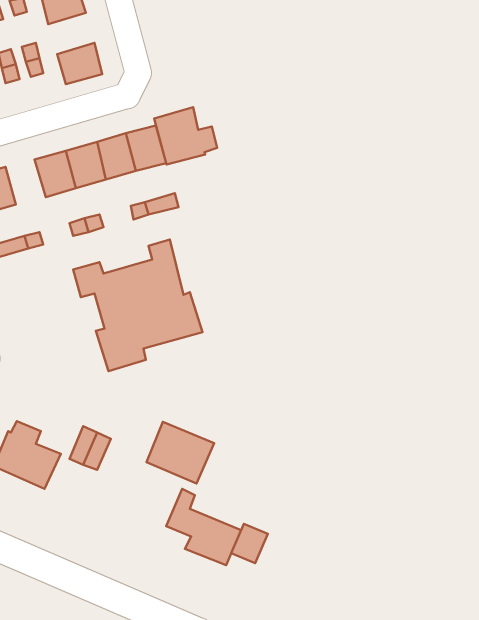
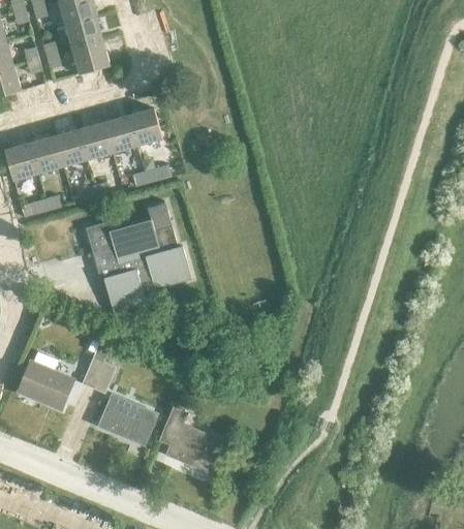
building: none -> [64,15,102,50]
building: [154,107,217,165] -> none
building: none -> [29,136,62,174]
building: [146,422,214,483] -> [99,396,155,446]
building: [231,524,268,563] -> none

